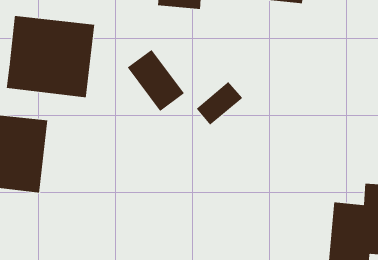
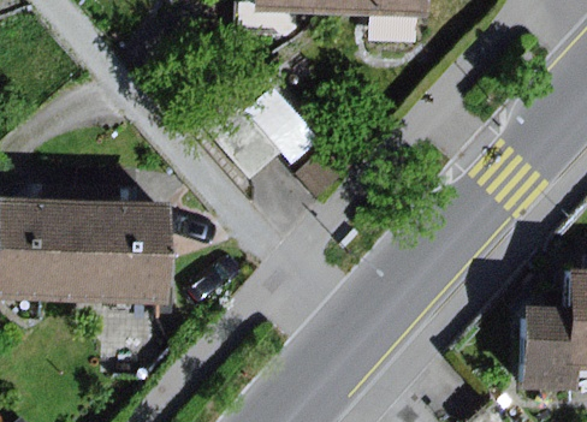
building: [6,15,95,98] -> none
building: none -> [109,203,196,308]

